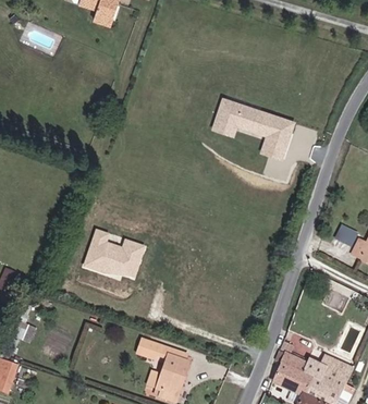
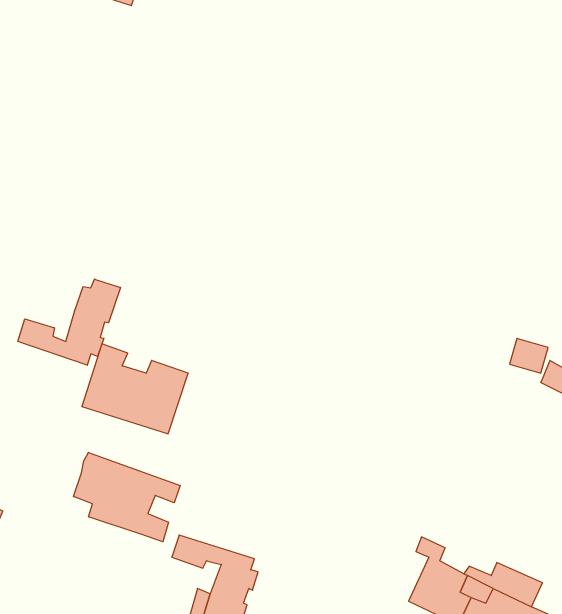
building: [212,97,297,161] -> none
building: none -> [18,279,120,365]
building: none -> [74,452,180,542]

